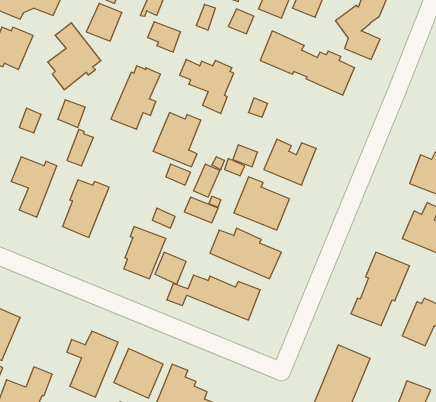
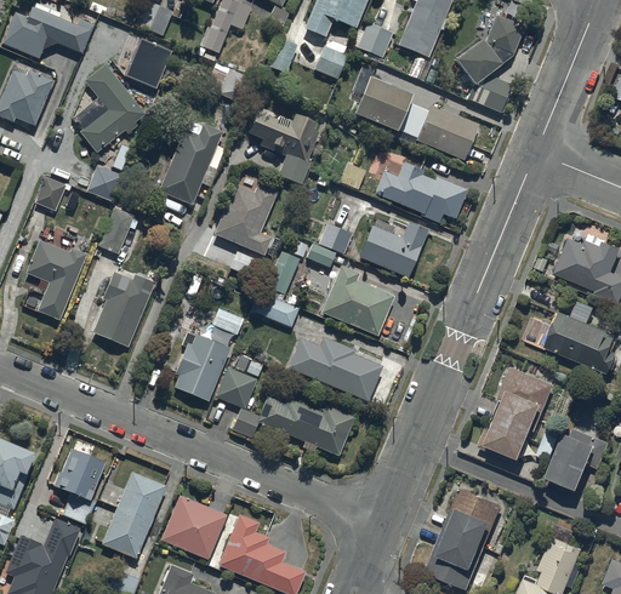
building: none -> [375,161,468,222]
building: none -> [52,447,106,524]

